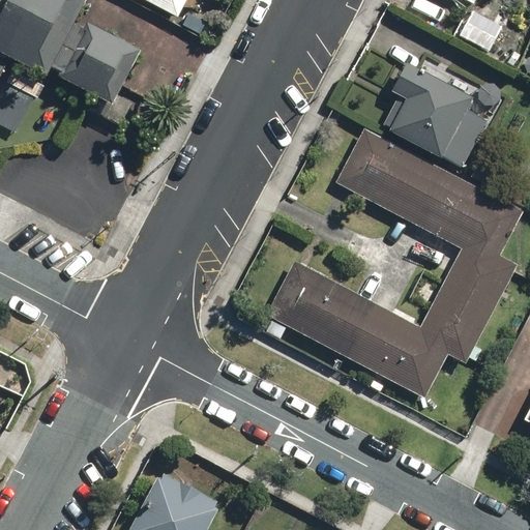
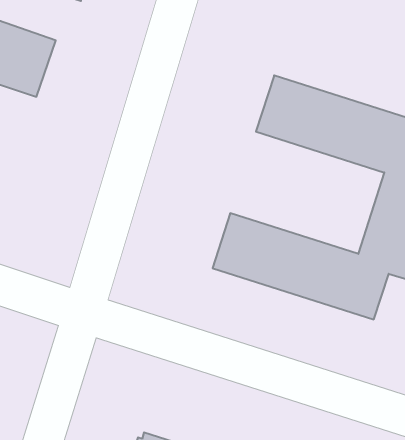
building: [389,63,479,168] -> none

